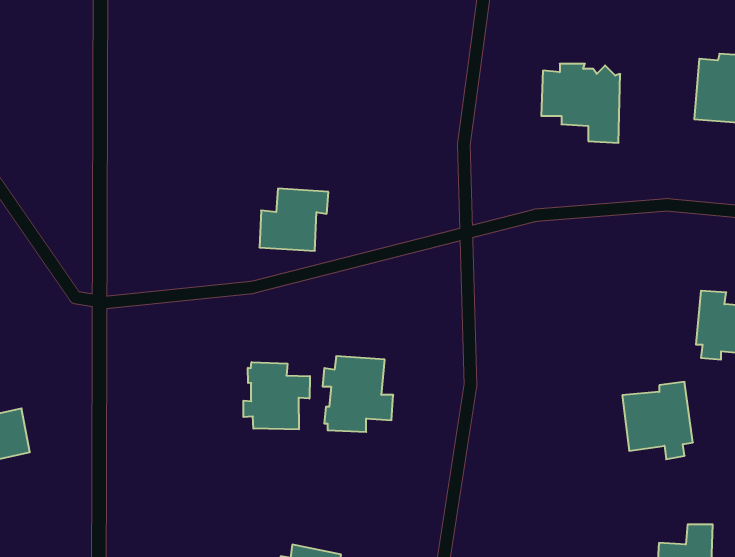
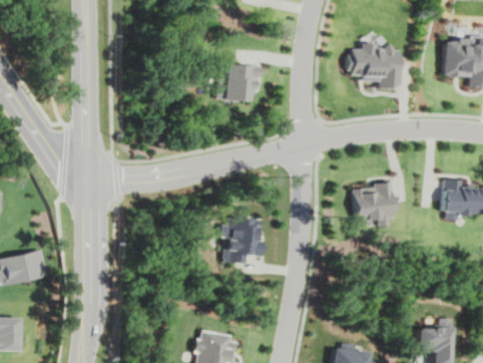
building: [259,189,328,251] -> [216,63,258,100]
building: [243,362,310,429] -> none
building: [622,382,693,459] -> [352,180,394,227]

